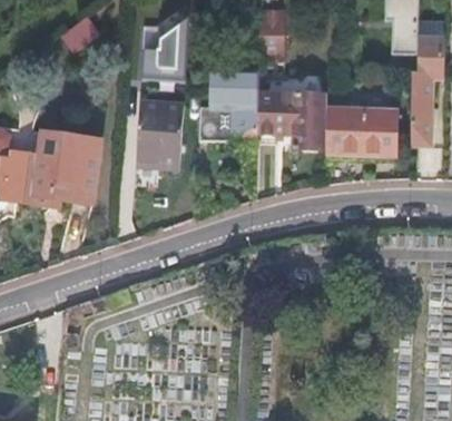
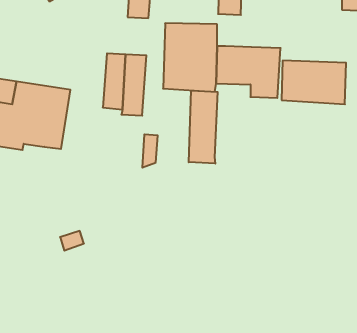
building: none -> [189,91,218,164]

